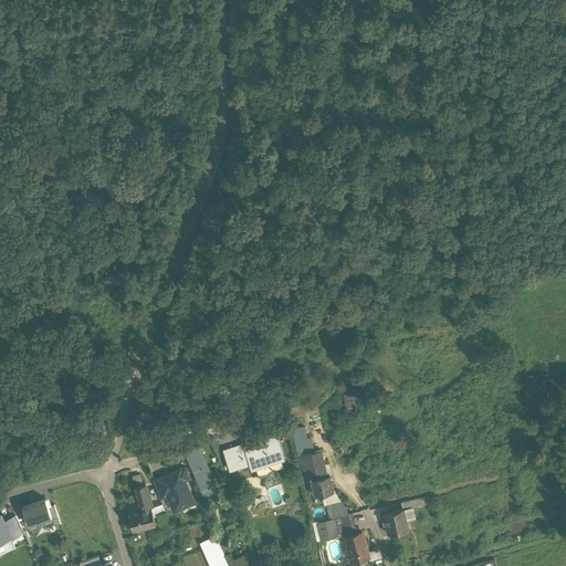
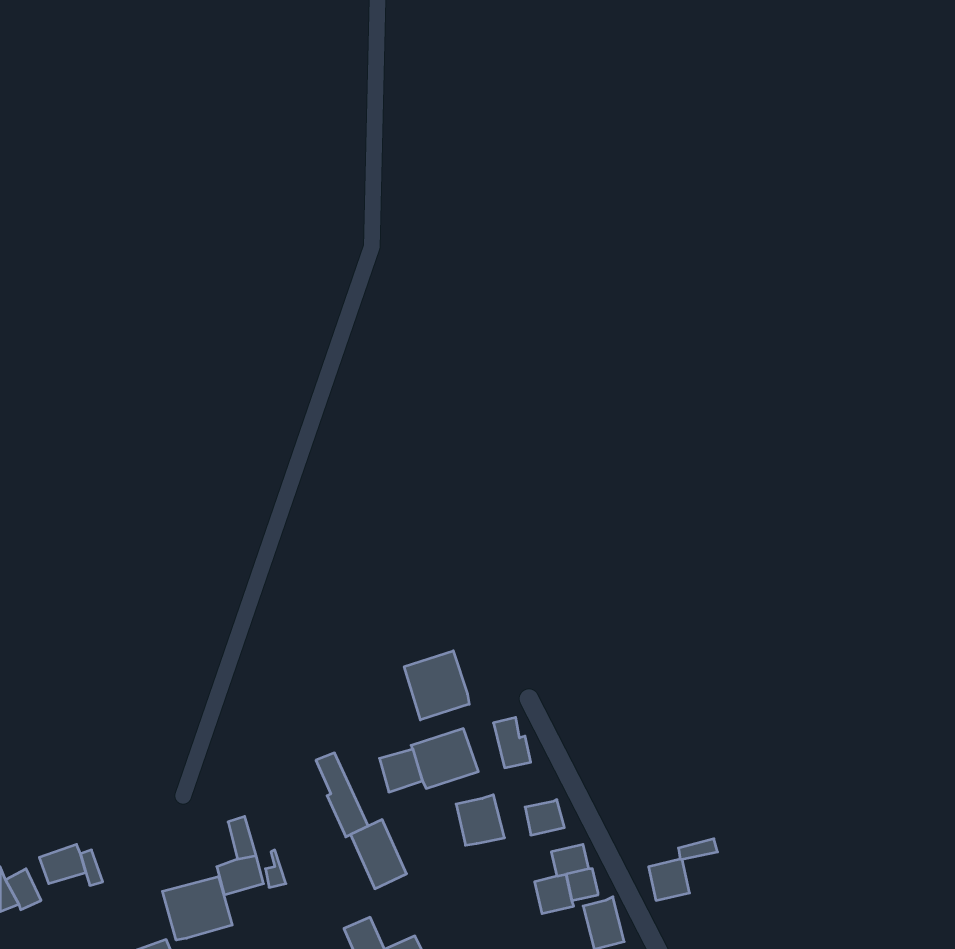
building: none -> [404,651,469,720]
building: [298,452,327,482] -> [456,795,505,845]
building: [160,473,193,514] -> [350,820,407,889]
building: none -> [162,876,232,940]

